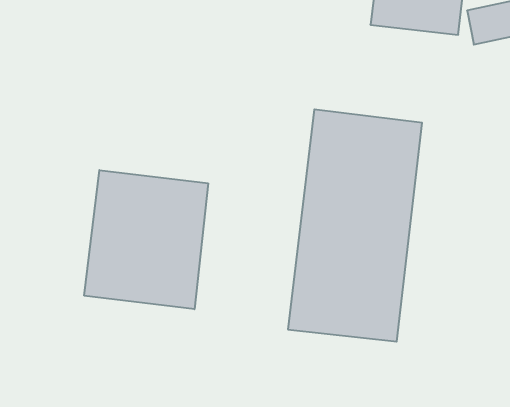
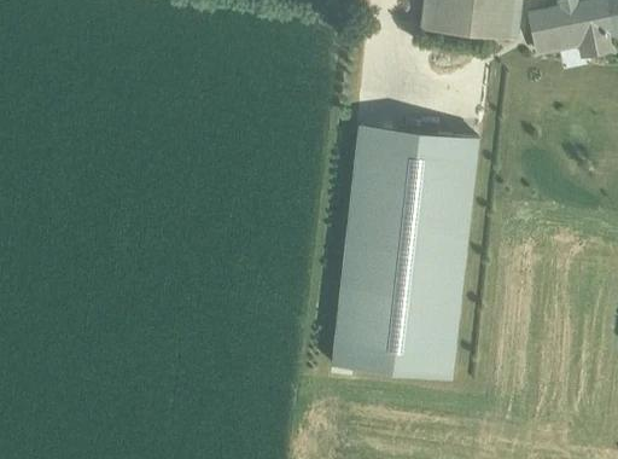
building: [84,170,208,309] -> none

